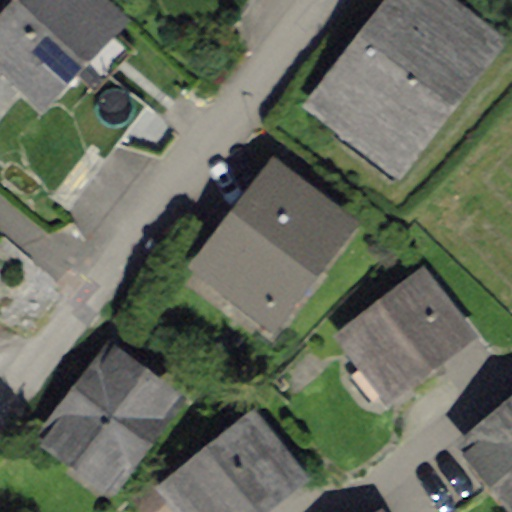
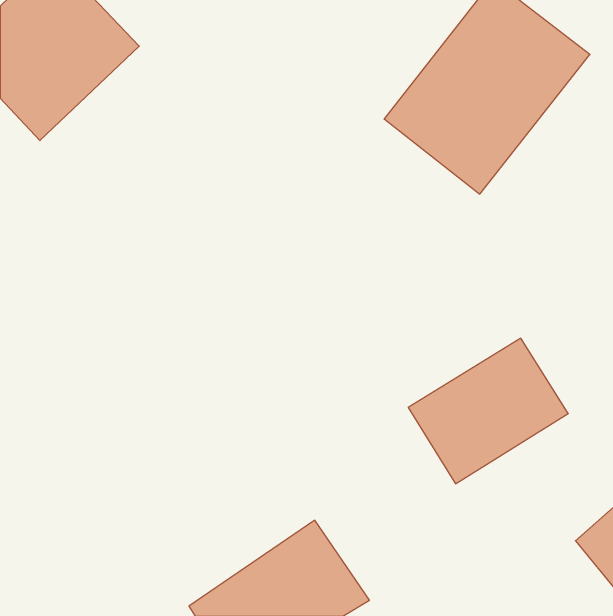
building: [188,156,351,323] -> none
building: [39,347,183,491] -> none

